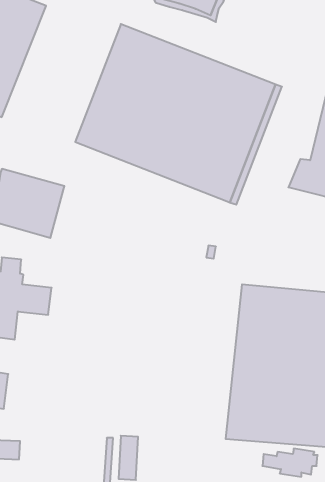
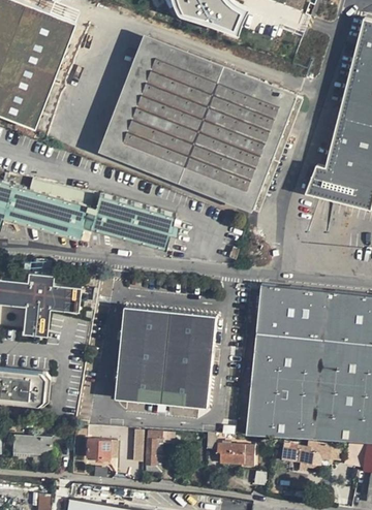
building: none -> [90,195,180,251]
building: none -> [111,307,214,409]
building: none -> [84,441,111,465]
building: none -> [216,445,254,469]

